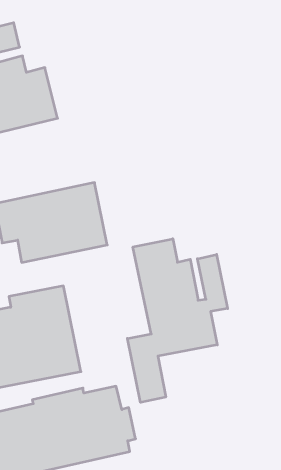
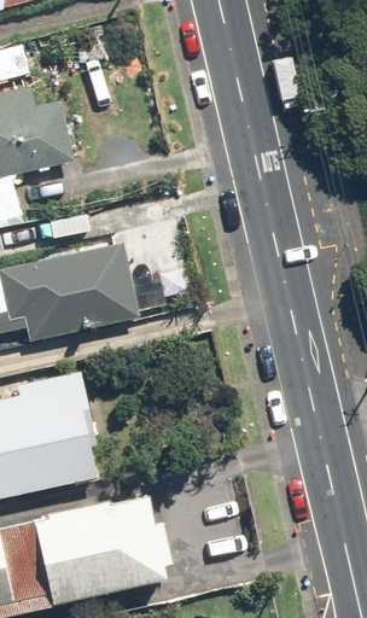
building: [127,239,228,402] -> none

